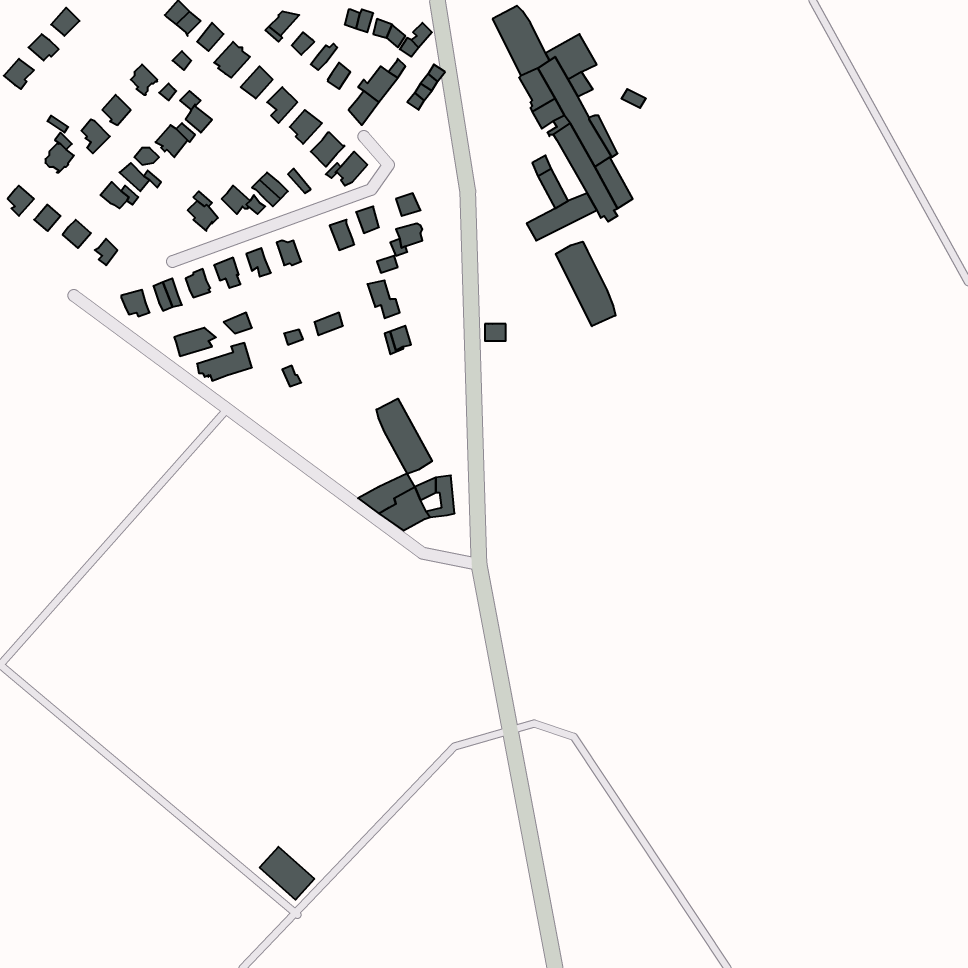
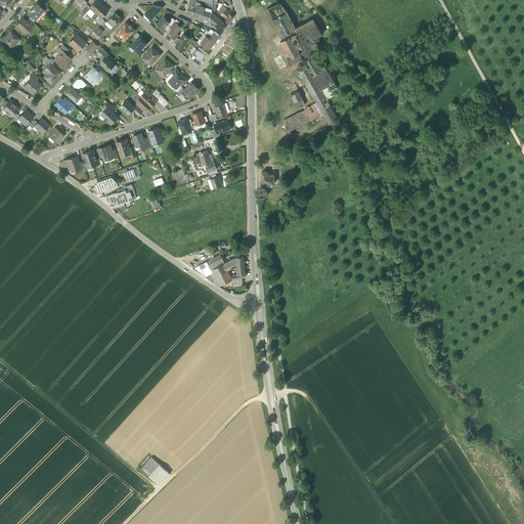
building: [556,242,616,326] -> none
building: [376,399,432,474] -> none

